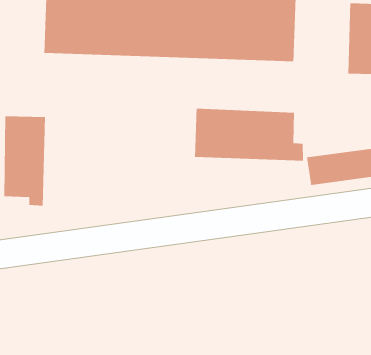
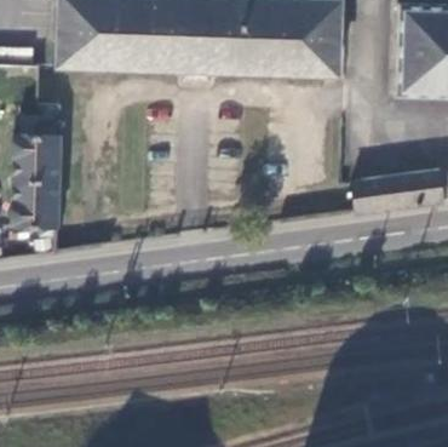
building: [194,108,304,161] -> none

